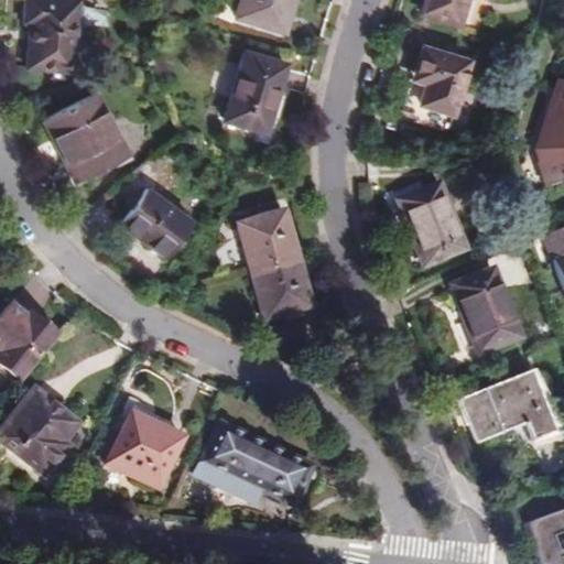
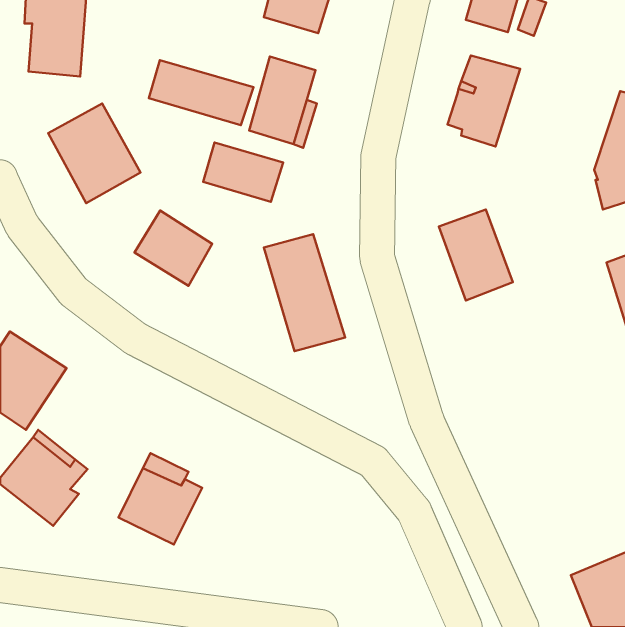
building: none -> [149,60,253,125]
building: none -> [203,143,283,202]
building: [456,274,520,355] -> none
building: [457,377,547,448] -> none
building: [193,419,307,502] -> none

